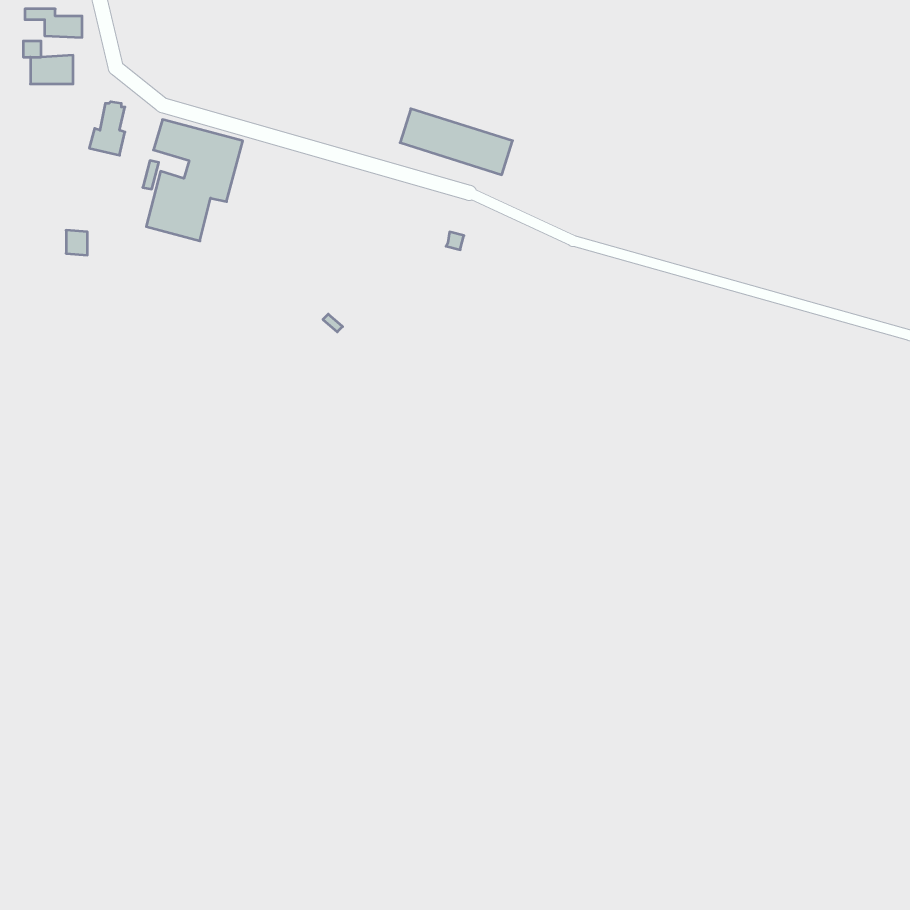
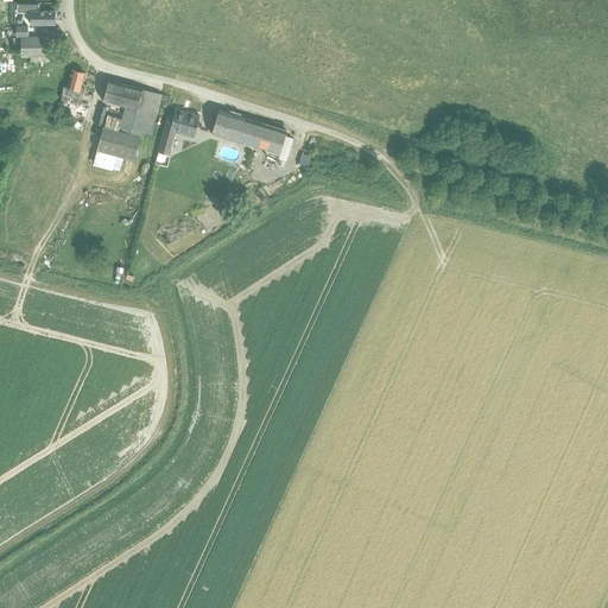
building: [400,109,513,175] -> [211,112,286,156]
building: none -> [158,109,200,153]

